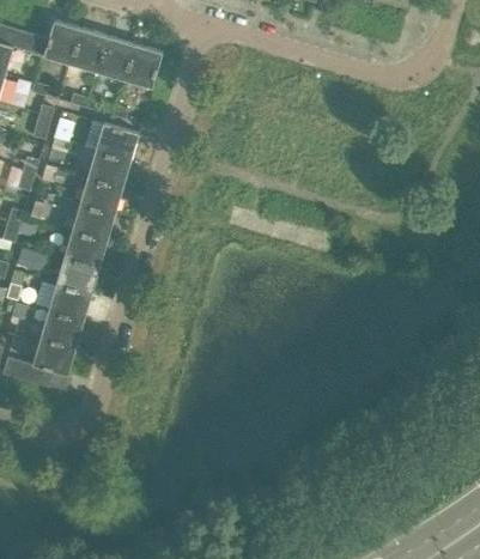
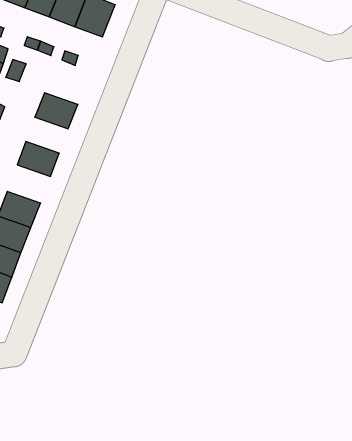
building: [95,121,138,159] -> none
building: [79,176,122,212] -> none
building: [63,227,108,266] -> none

